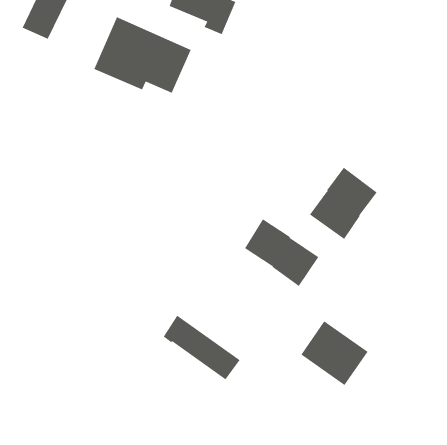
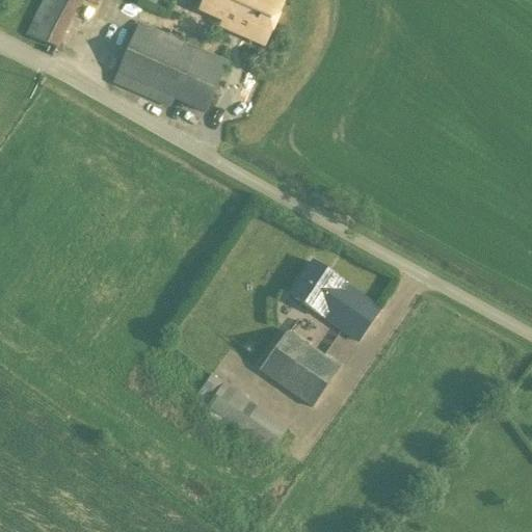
building: [309,167,377,240] -> none
building: [300,320,369,386] -> [258,329,339,407]

